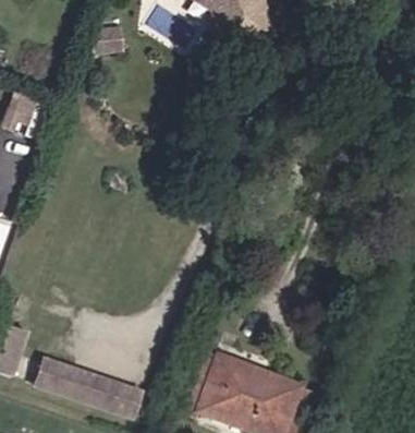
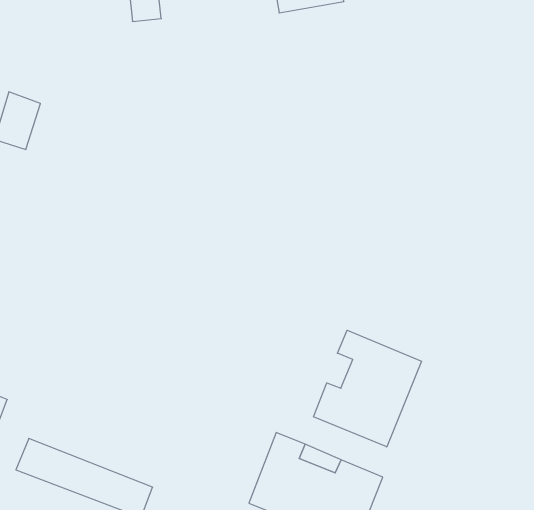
building: none -> [313,330,421,447]

